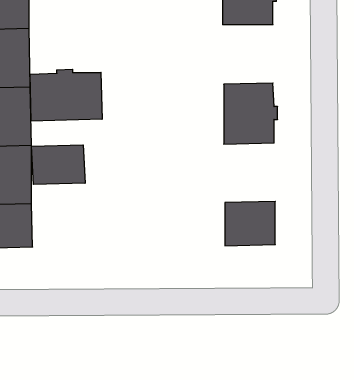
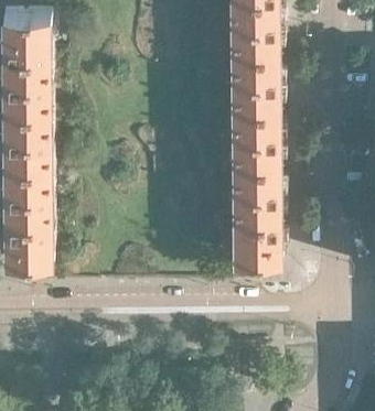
building: none -> [233,60,285,116]
building: [30,69,102,121] -> none
building: none -> [234,171,286,227]
building: [31,145,85,184] -> none

